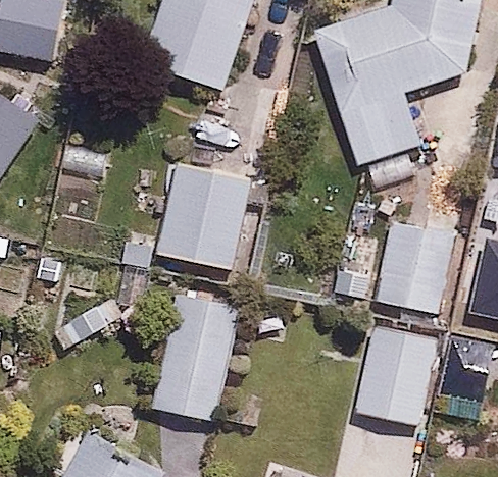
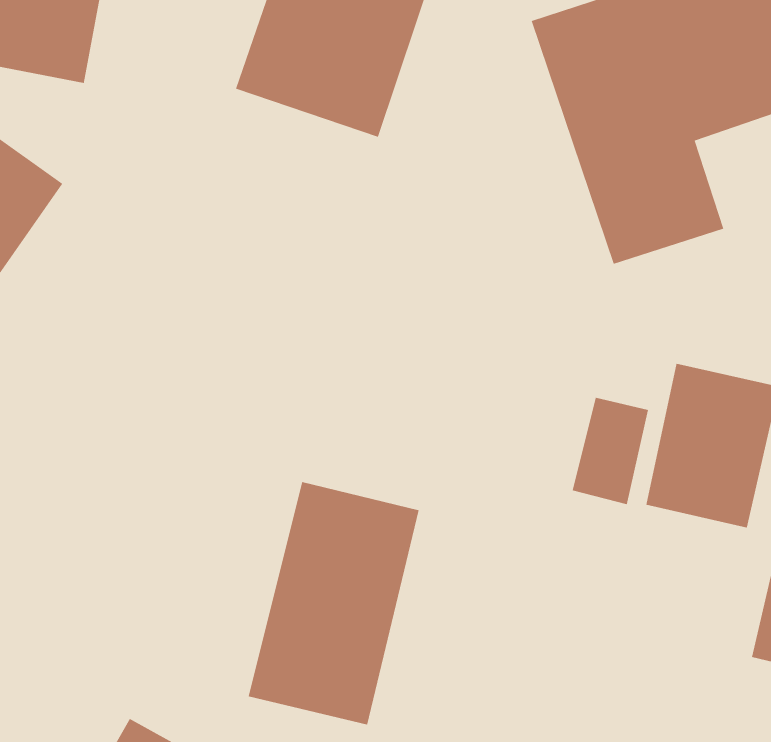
building: [157,161,255,274] -> none
building: [351,325,436,425] -> none

